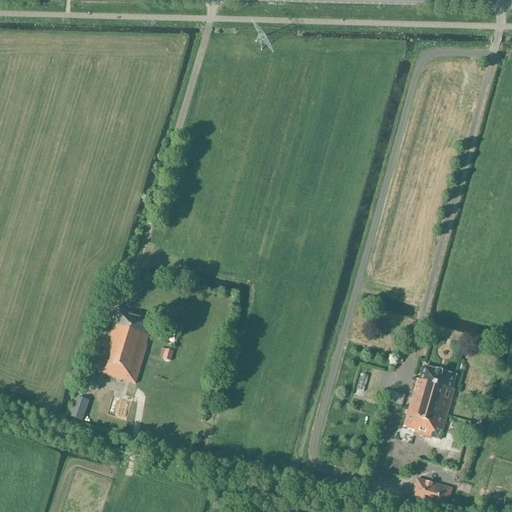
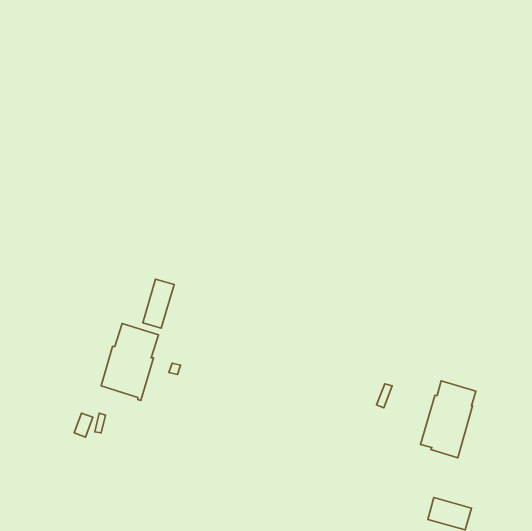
building: none -> [143,279,174,328]

